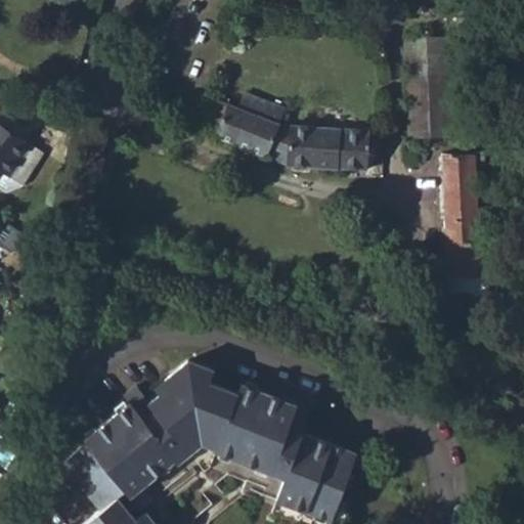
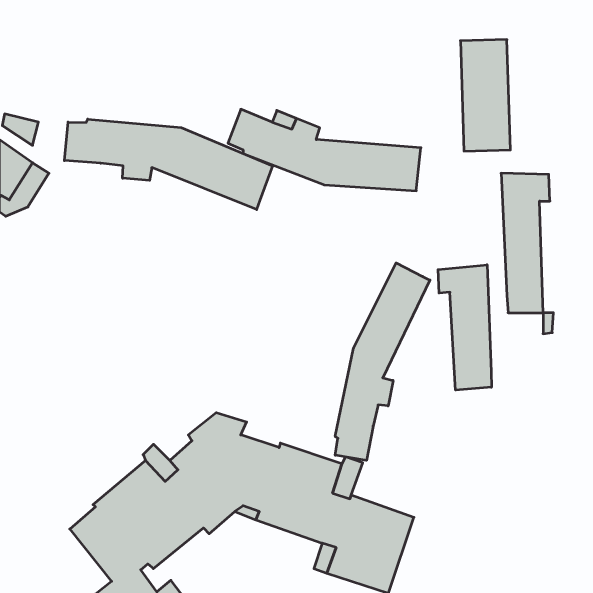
building: none -> [64,119,273,210]
building: none -> [335,263,430,460]
building: none -> [438,265,491,390]

